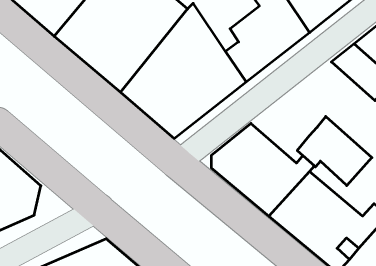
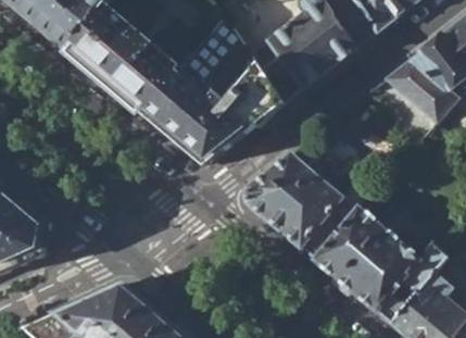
building: [297,116,372,186] -> none

